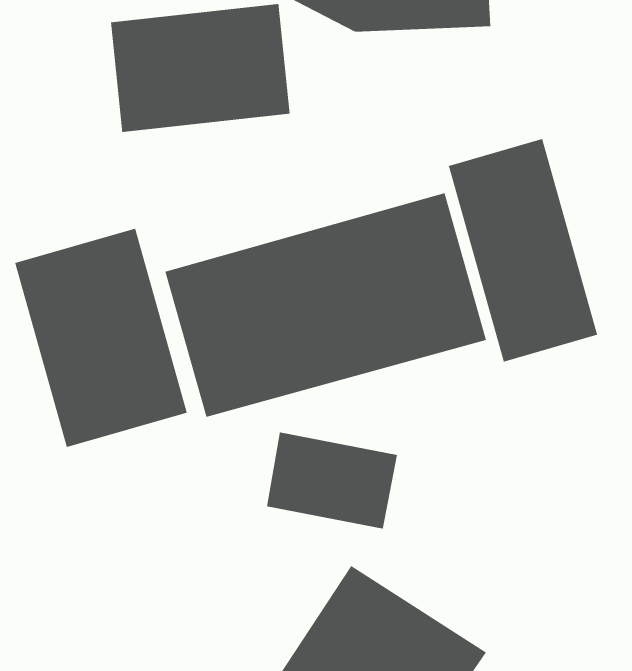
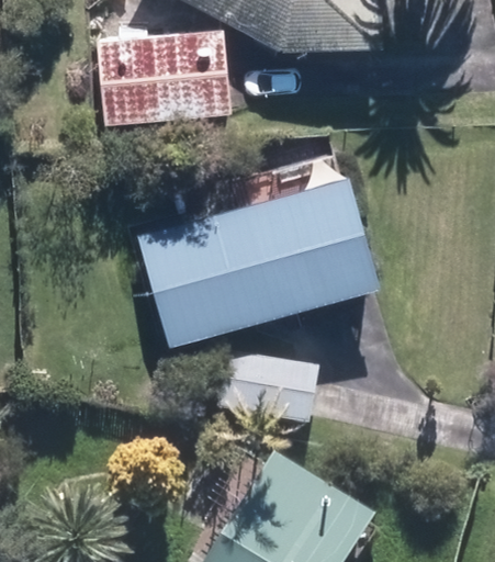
building: [448,138,598,363] -> none
building: [14,228,188,448] -> none

